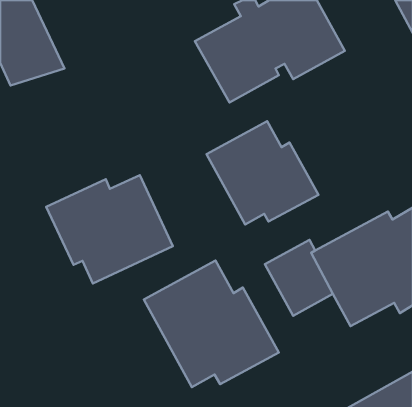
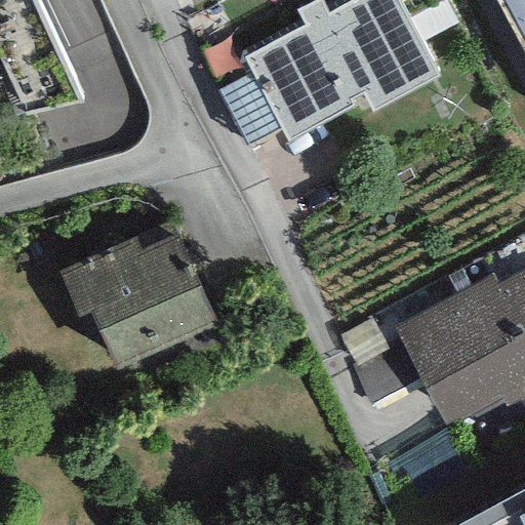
building: [207,121,318,224] -> none
building: [144,260,279,387] -> none

